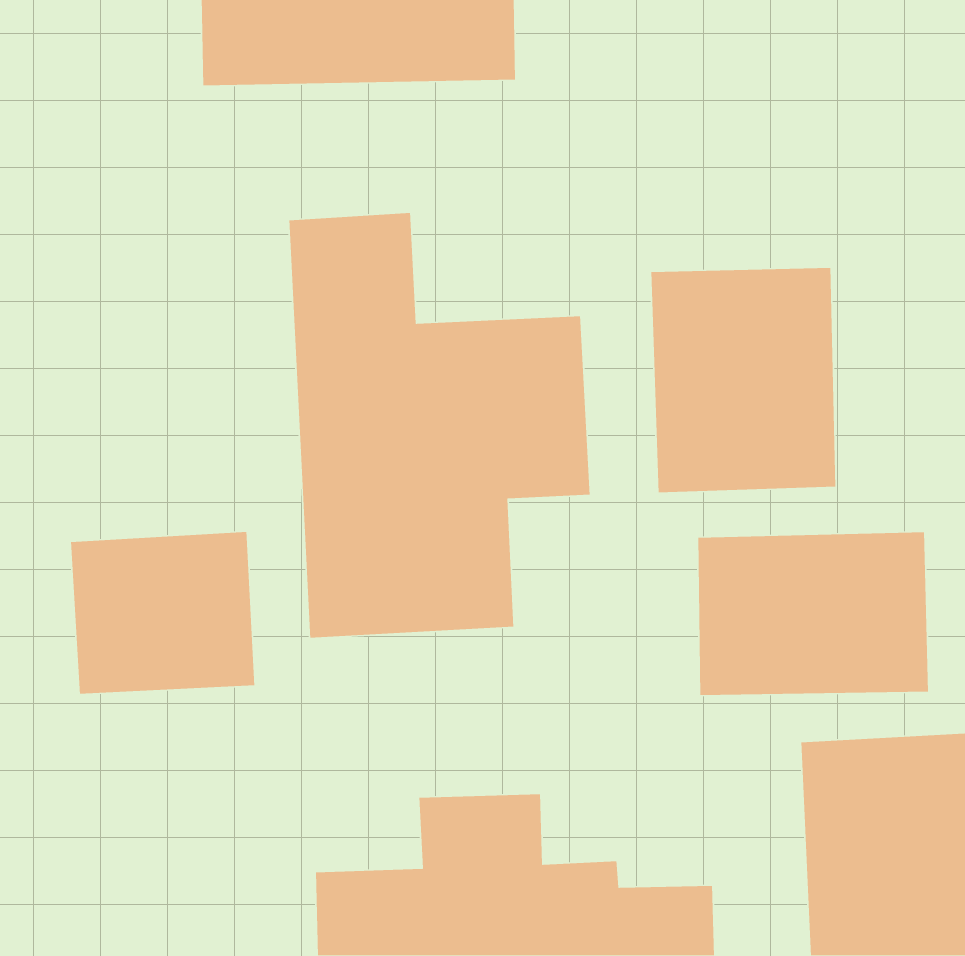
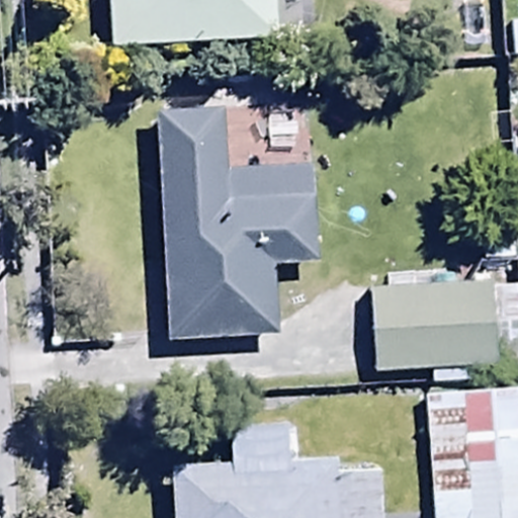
building: [651,267,836,493] -> none
building: [70,531,255,694] -> none

